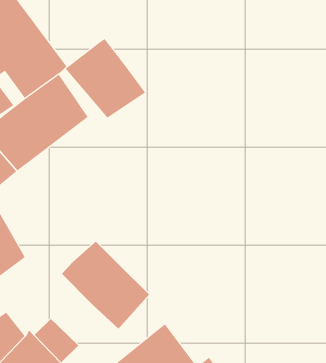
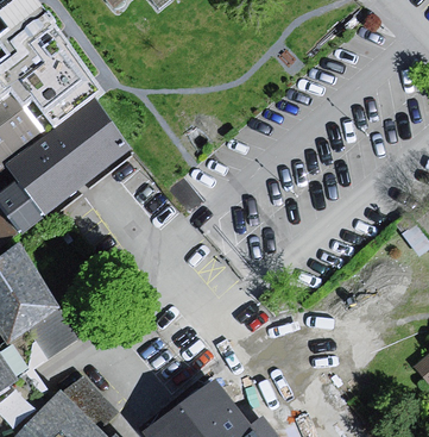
building: [65,38,146,119] -> none
building: [61,241,150,330] -> none

